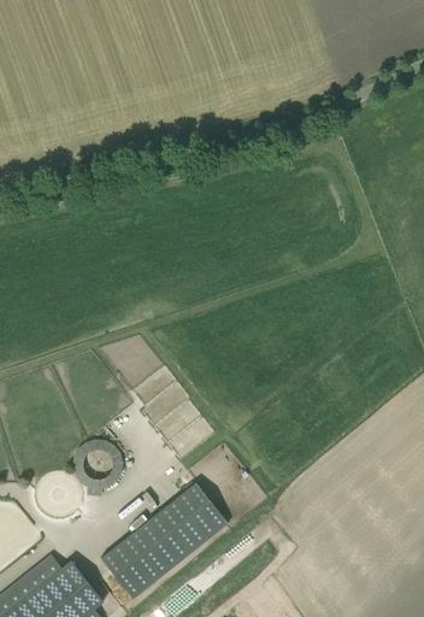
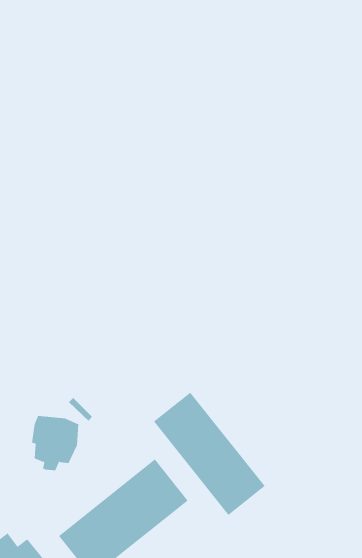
building: none -> [153,392,265,516]

